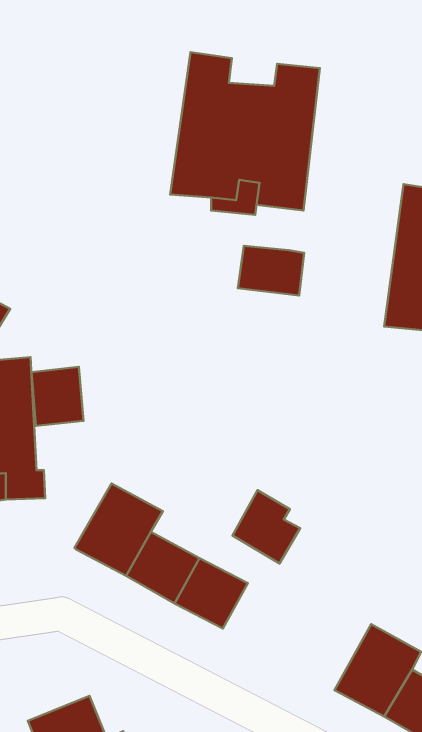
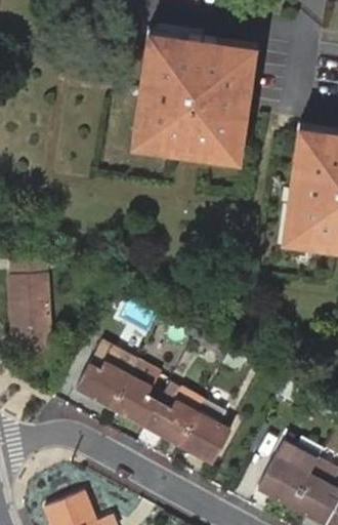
building: none -> [182,35,217,64]
building: [238,246,304,296] -> none
building: [31,367,83,426] -> none
building: [233,490,300,563] -> [178,411,225,462]

